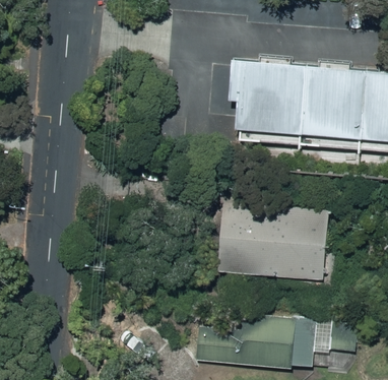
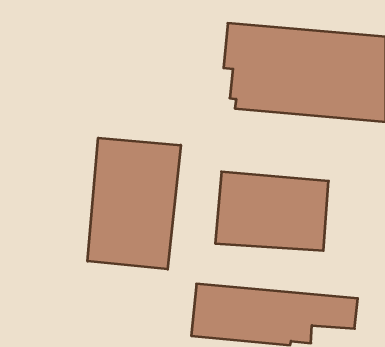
building: none -> [88,138,181,269]

